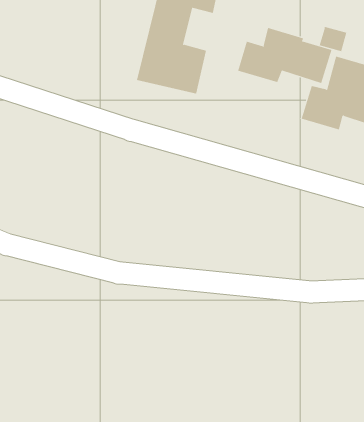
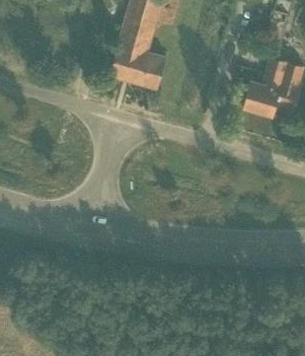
building: [237,27,332,84] -> none

